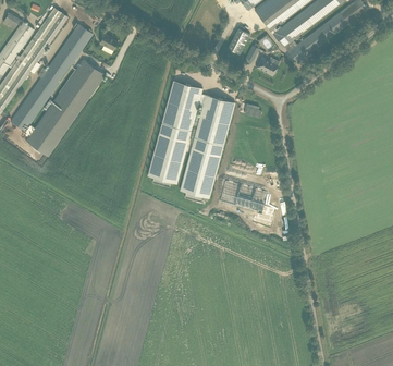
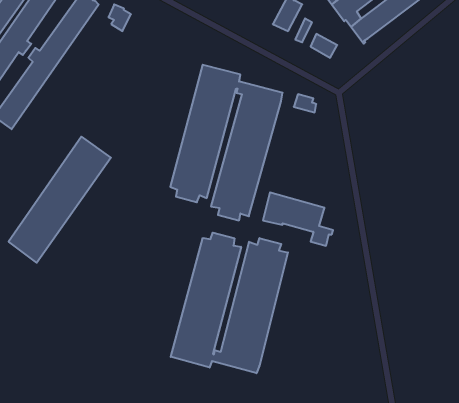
building: [25,58,105,156] -> [9,137,111,263]
building: none -> [171,233,288,373]

